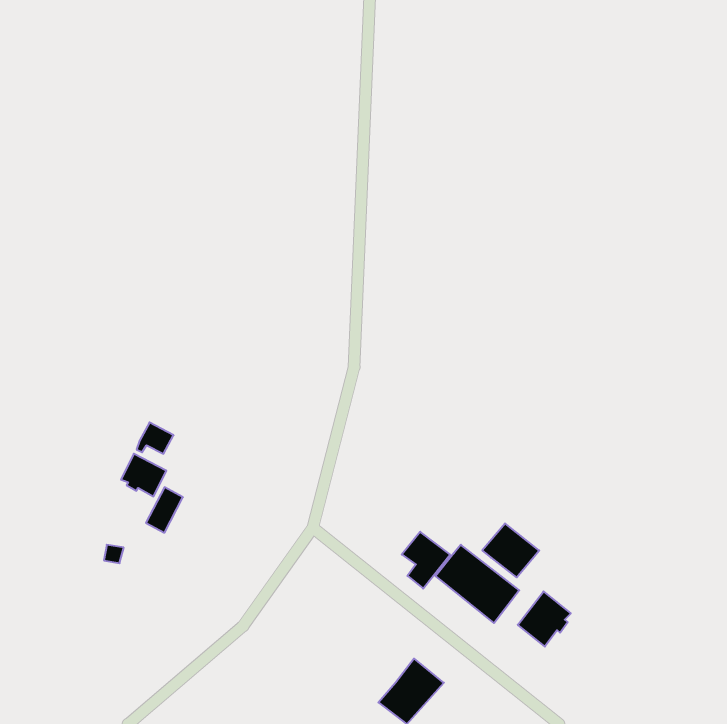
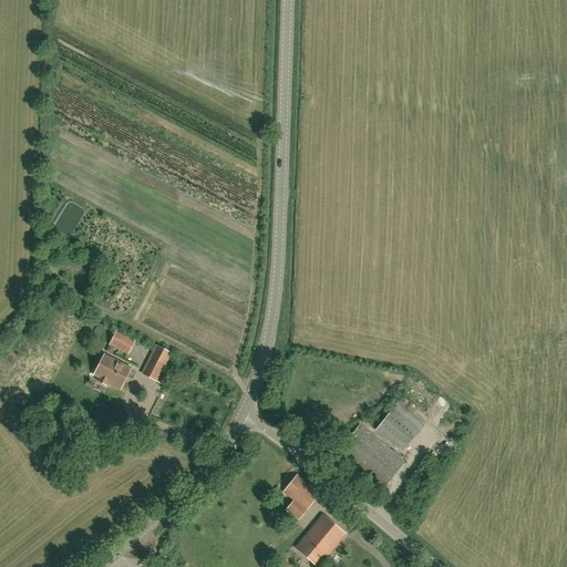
building: [146,487,183,533] -> [142,344,171,380]
building: [402,532,450,589] -> [282,473,320,517]
building: [518,591,571,647] -> none

